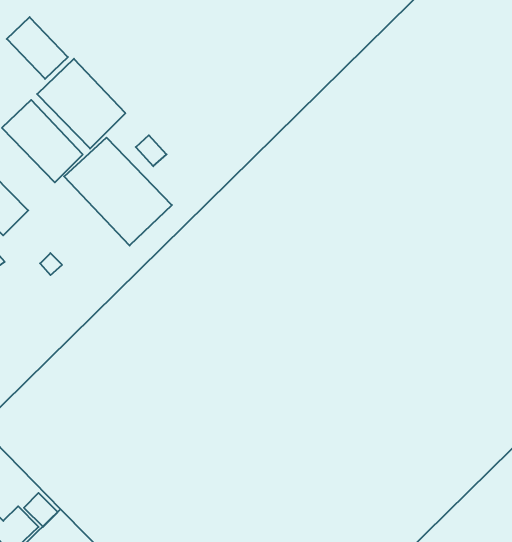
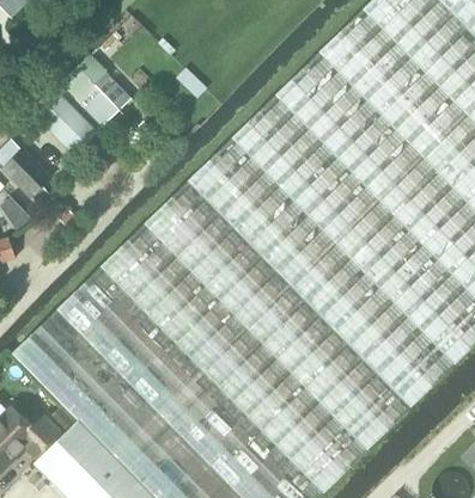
building: [7,17,68,79] -> none
building: [64,138,172,246] -> none

